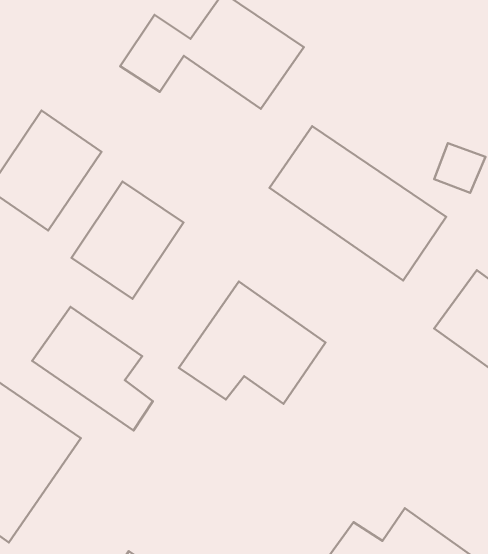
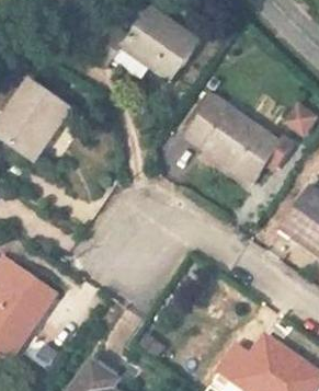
building: [72,182,183,299] -> none
building: [179,281,326,404] -> none
building: [32,307,153,430] -> none

